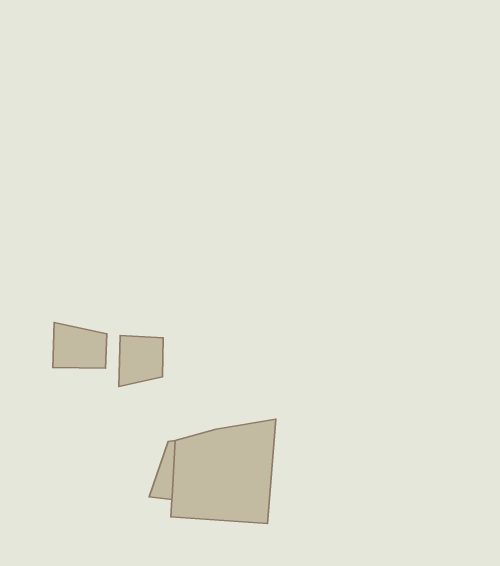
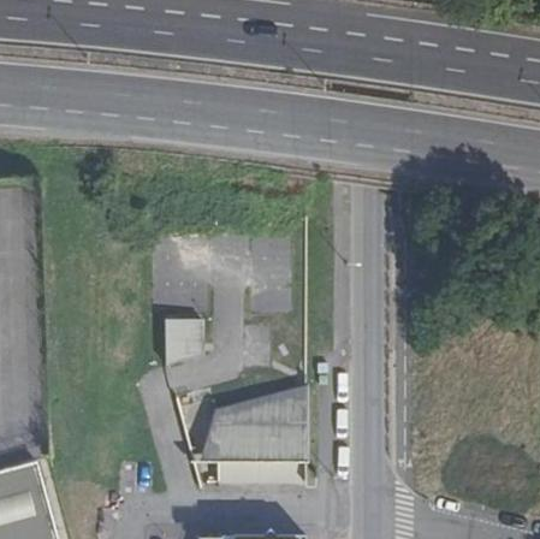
building: [53,323,107,368] -> none

